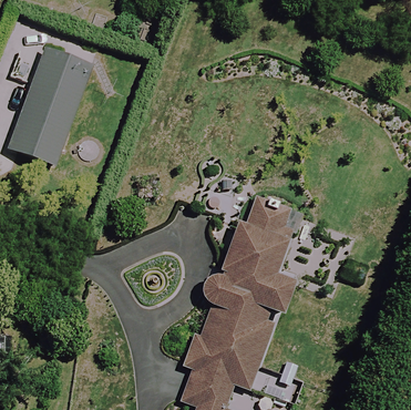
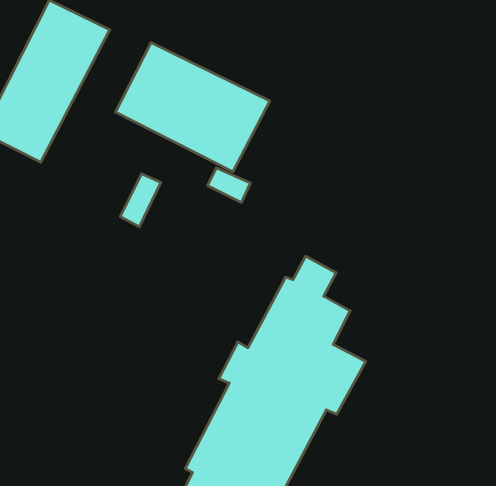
building: none -> [115,43,270,172]

